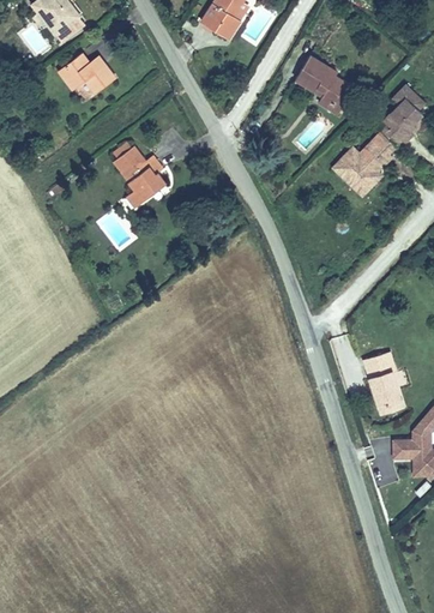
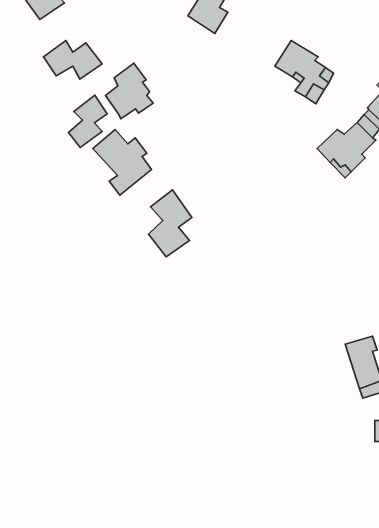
building: none -> [106,63,153,119]
building: none -> [69,95,107,147]
building: none -> [149,190,192,257]

